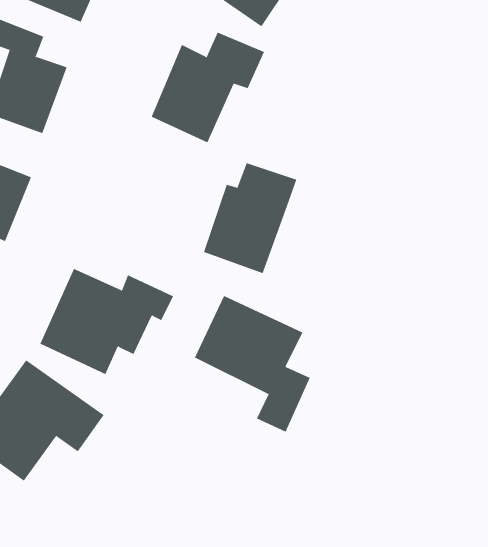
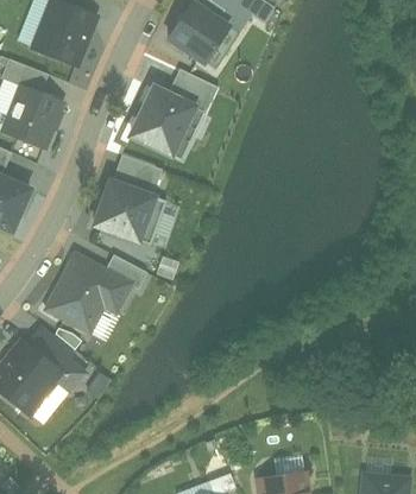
building: [203,162,297,274] -> [93,157,165,242]
building: [194,295,310,432] -> none

